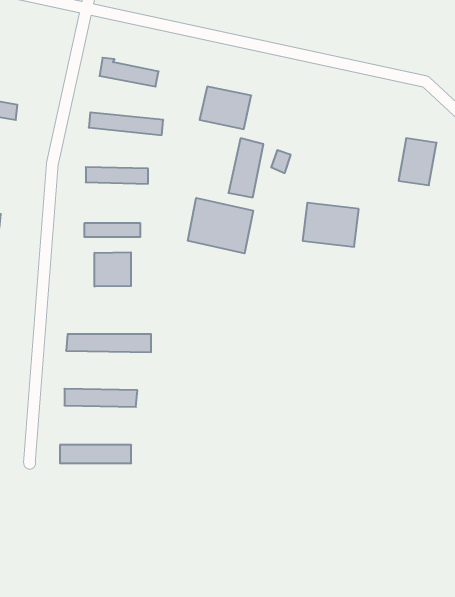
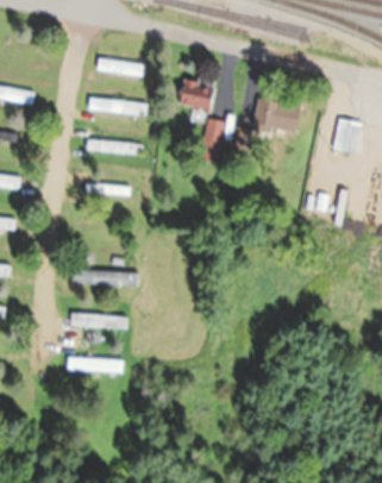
building: [188,198,253,253] -> none
building: [303,203,359,247] -> [253,99,298,133]
building: [95,252,131,287] -> none

